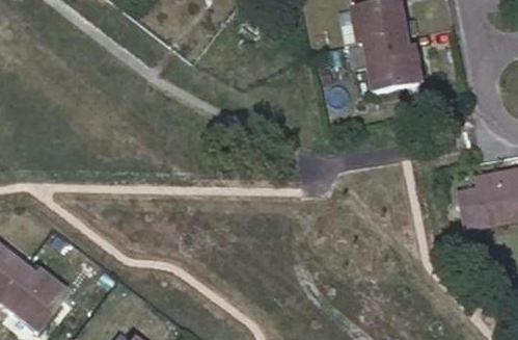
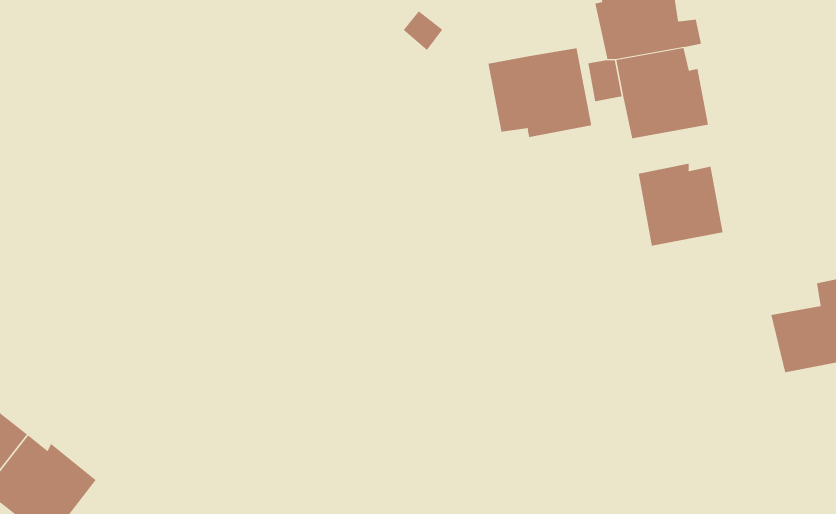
building: none -> [488,48,592,138]
building: none -> [638,163,723,246]

